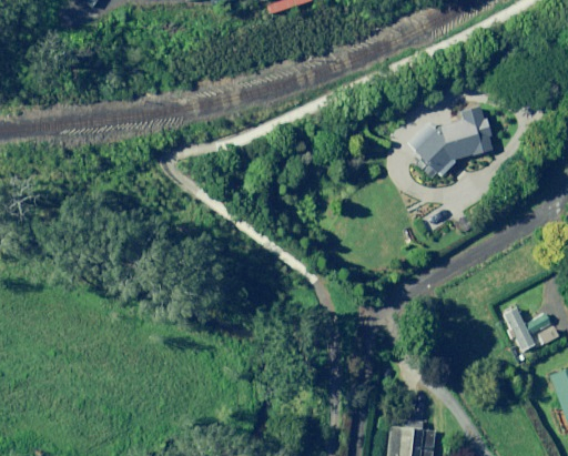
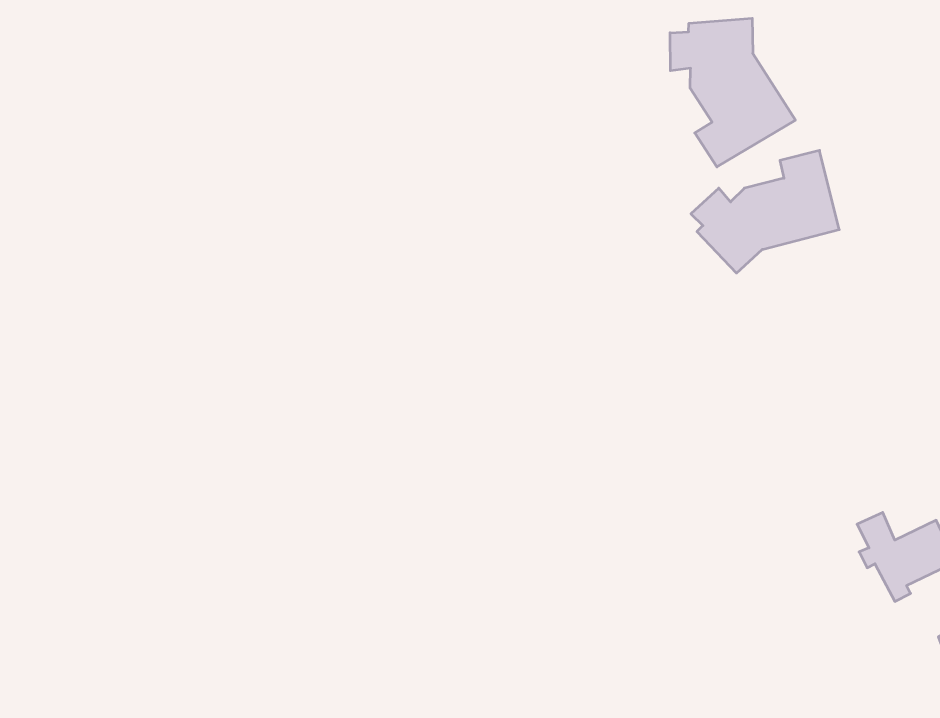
building: none -> [670,18,795,167]

